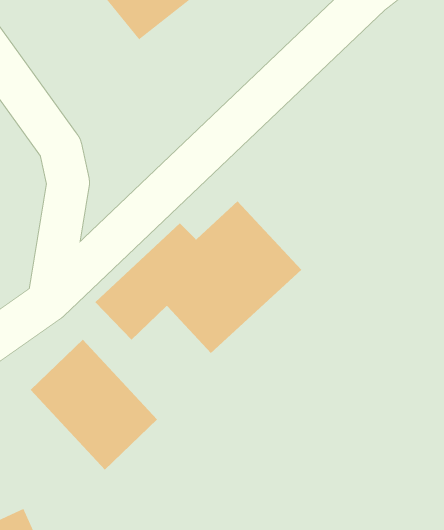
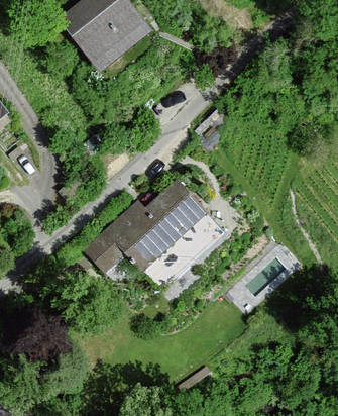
building: [30,339,158,470] -> none

